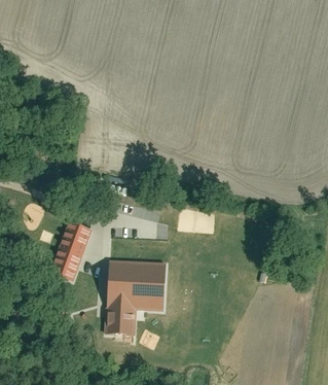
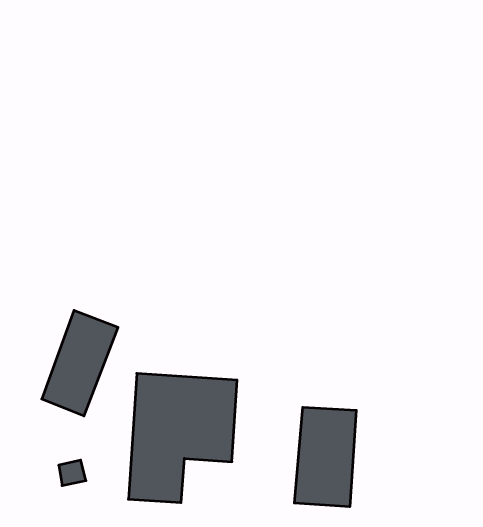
building: none -> [294,407,356,507]

